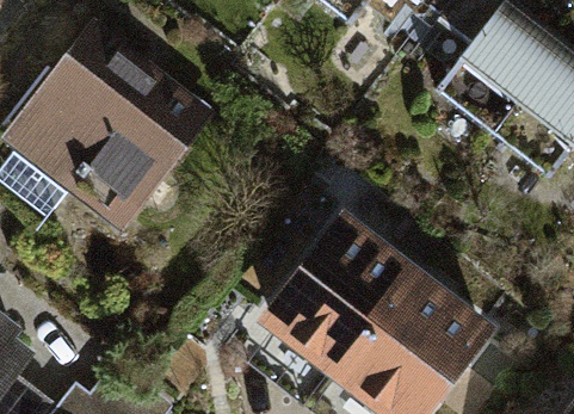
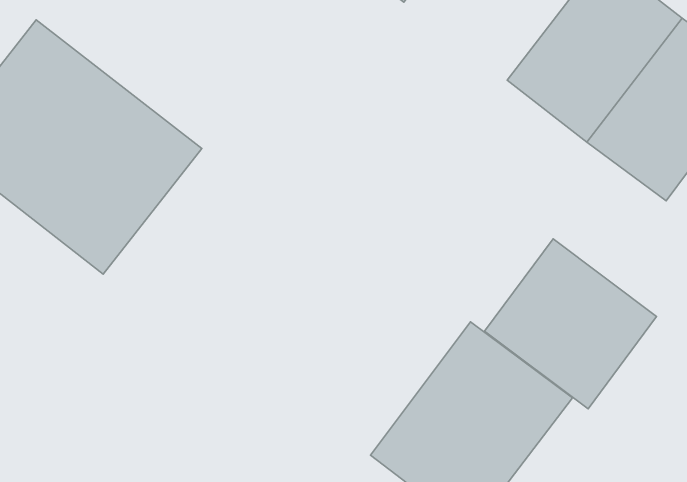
building: none -> [485,239,657,409]
building: [266,217,409,367] -> none

